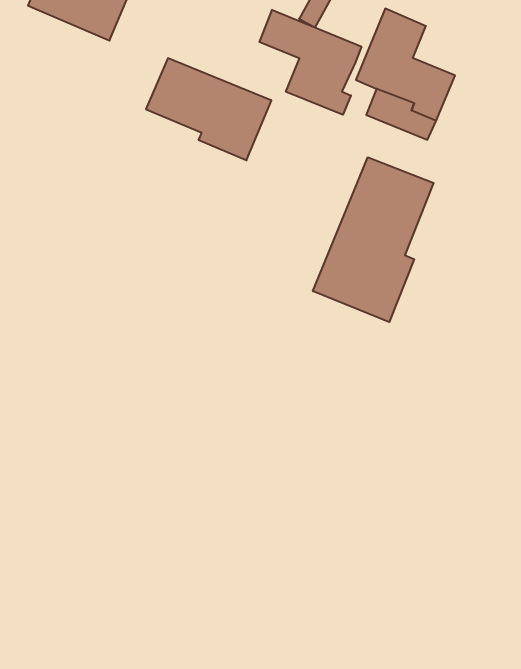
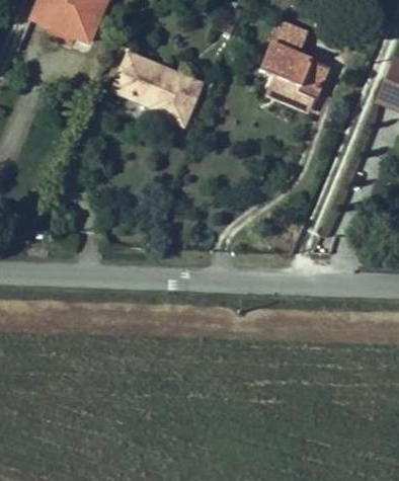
building: [259,10,361,115] -> none
building: [313,157,434,322] -> none

